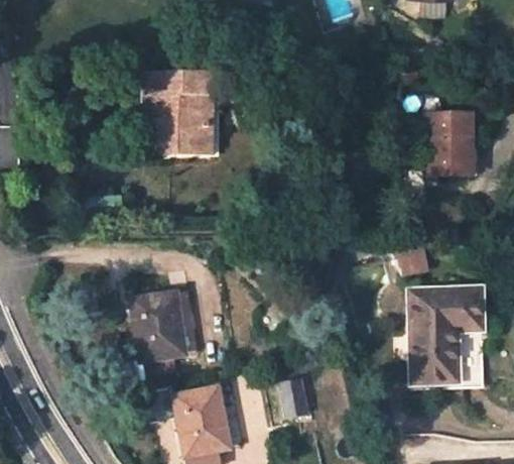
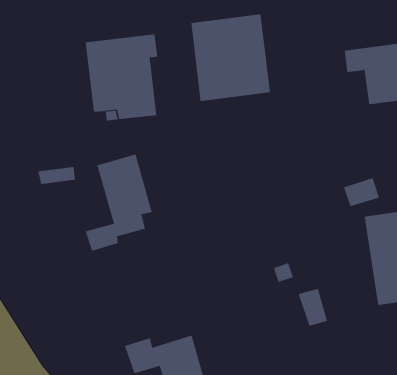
building: none -> [191,14,270,102]
building: [112,292,184,386] -> [85,154,153,252]
building: [280,377,307,416] -> [298,288,328,327]

